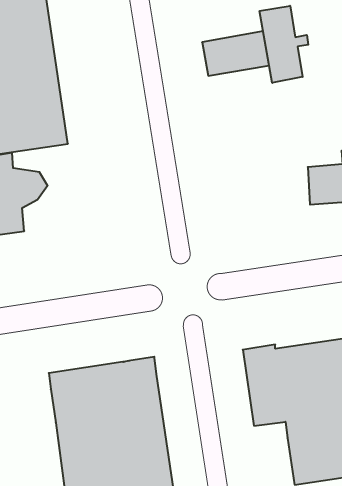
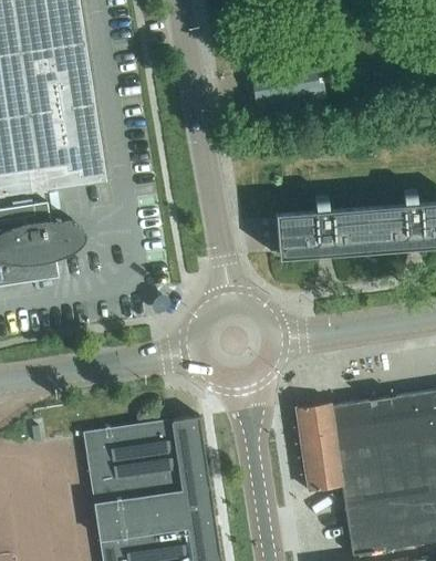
building: [260,6,308,83] -> none
building: none -> [277,197,368,257]

